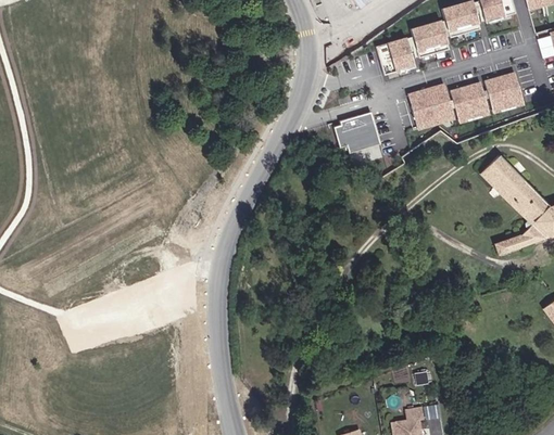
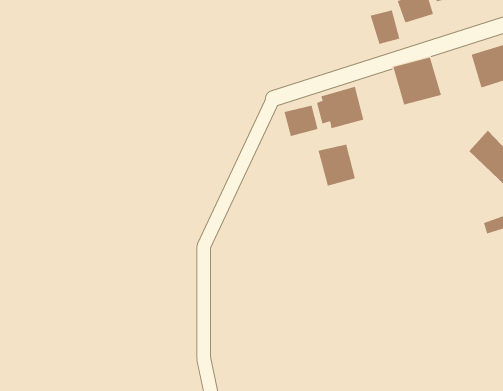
building: [451,82,490,124] -> none
building: none -> [284,105,318,137]
building: none -> [318,144,356,186]

